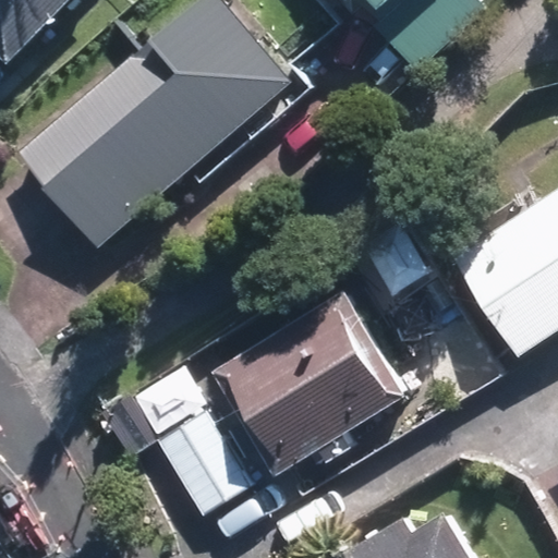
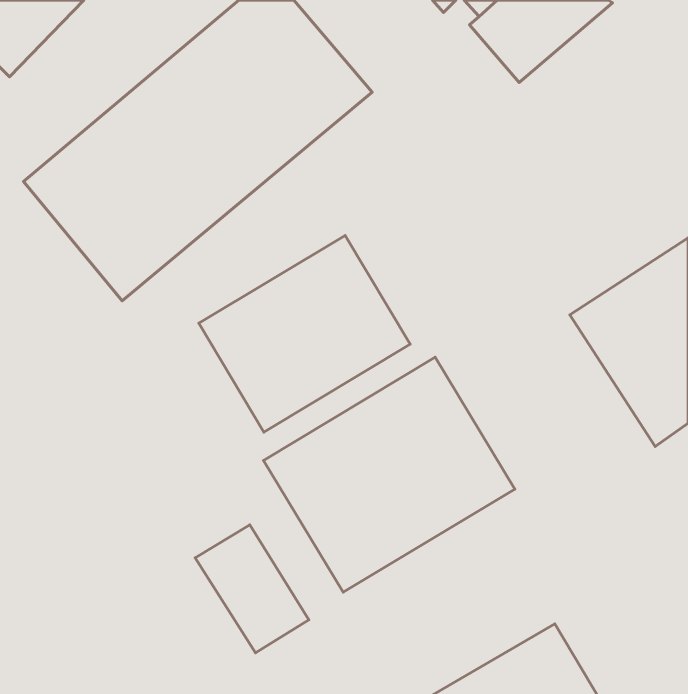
building: none -> [199,235,410,432]

